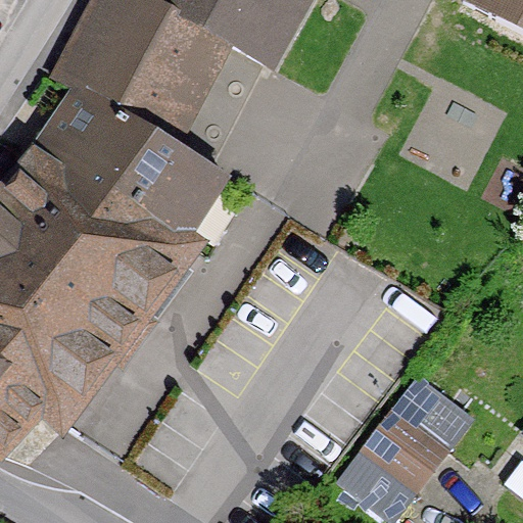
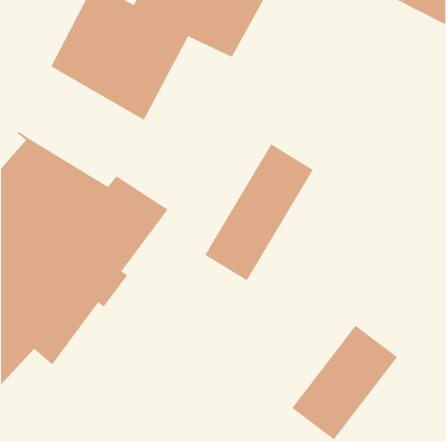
building: [21,78,227,238] -> none
building: none -> [204,144,313,281]

